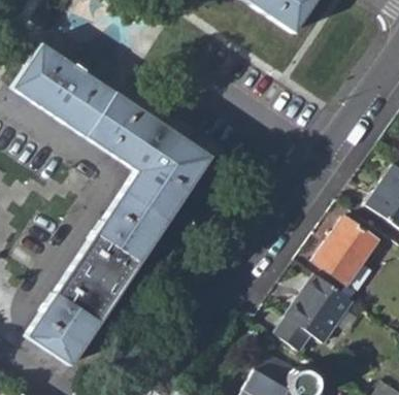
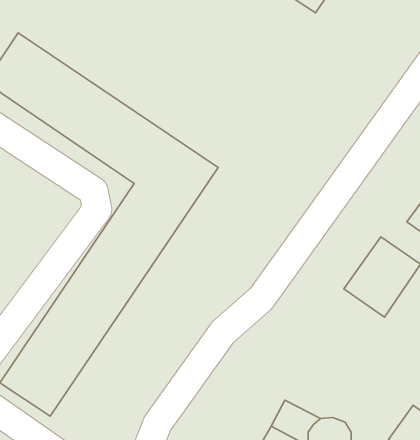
building: [275,272,355,350] -> none

